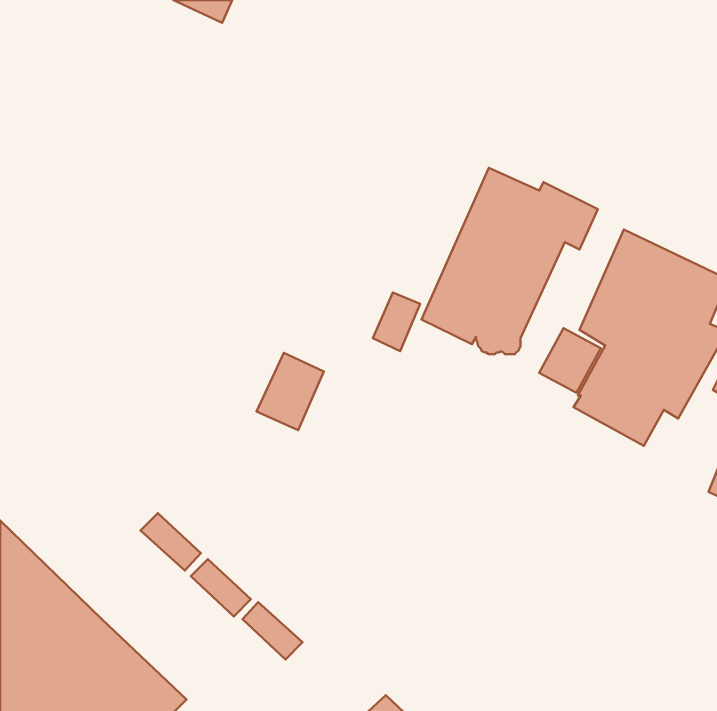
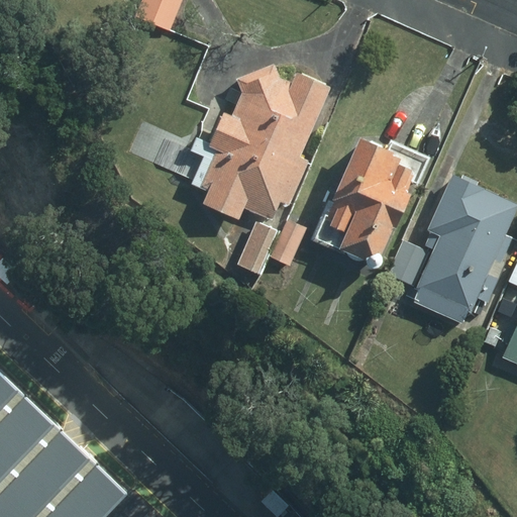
building: none -> [176,61,330,220]
building: [256,353,324,430] -> [232,221,280,276]

